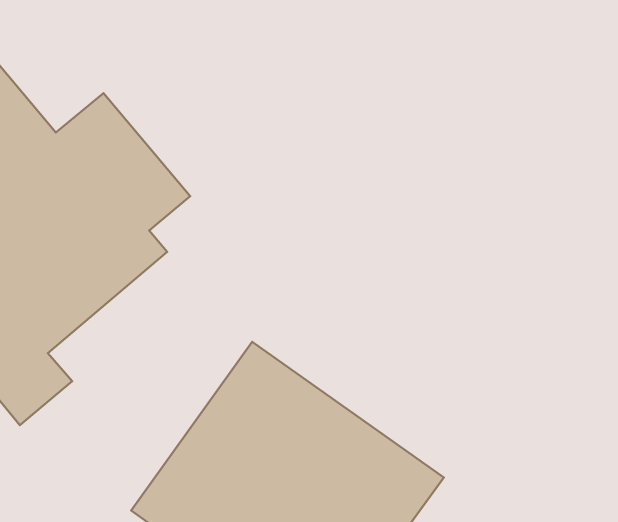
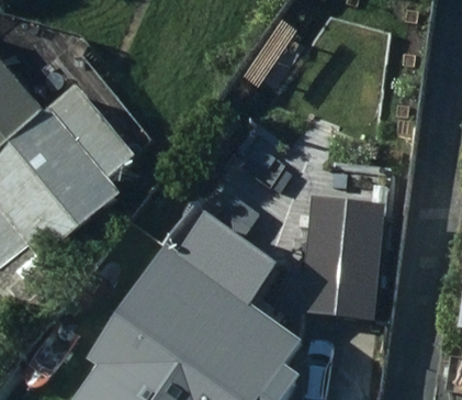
building: none -> [296,209,384,315]

